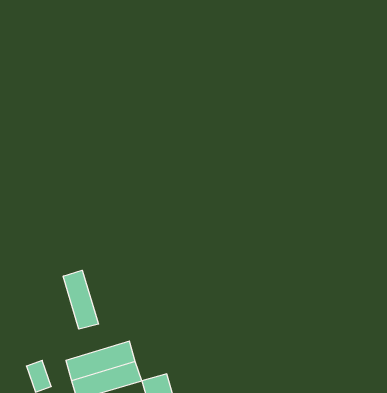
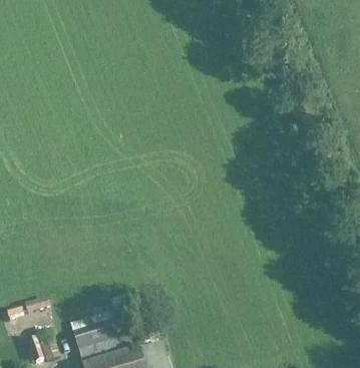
building: [63,270,99,329] -> none

